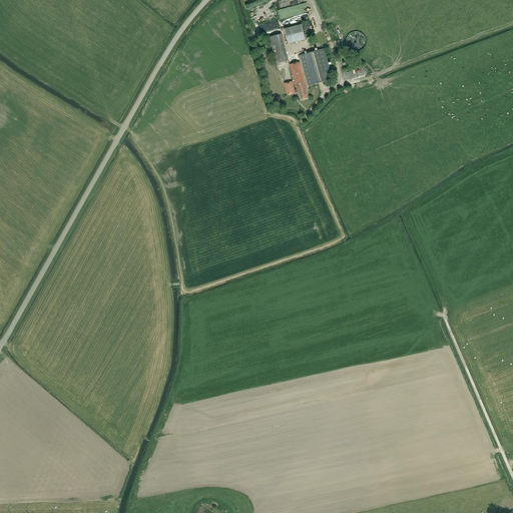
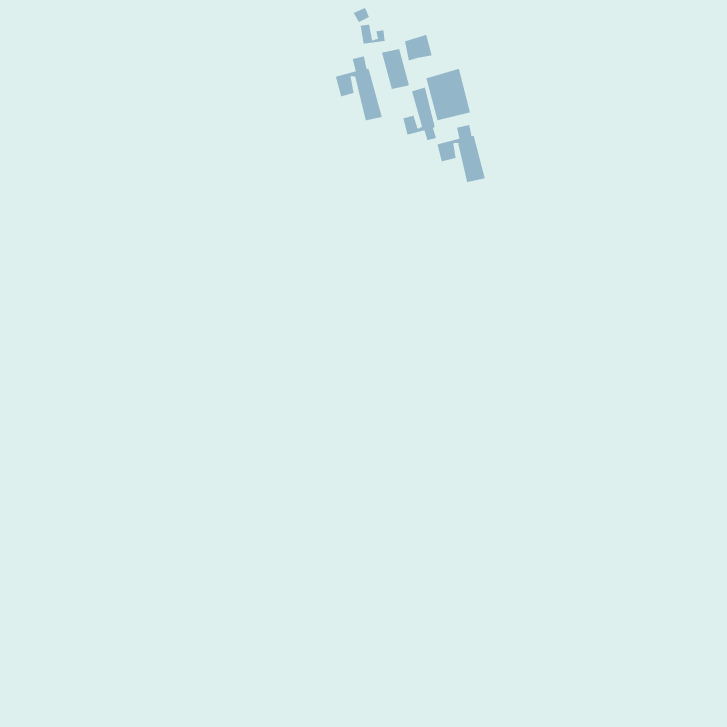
building: none -> [335,56,382,121]
building: none -> [437,124,485,183]

